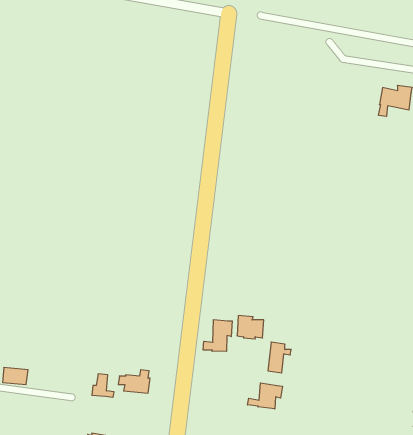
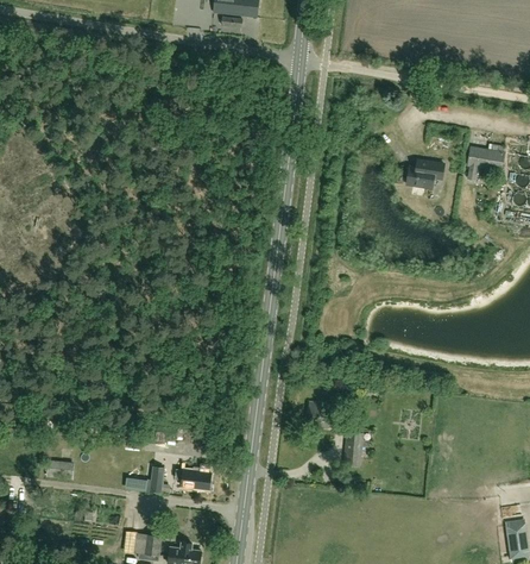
building: none -> [405,159,443,188]
building: [203,320,232,351] -> none
building: [248,383,282,409] -> none

